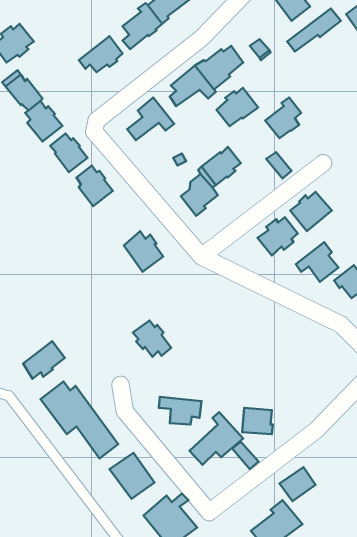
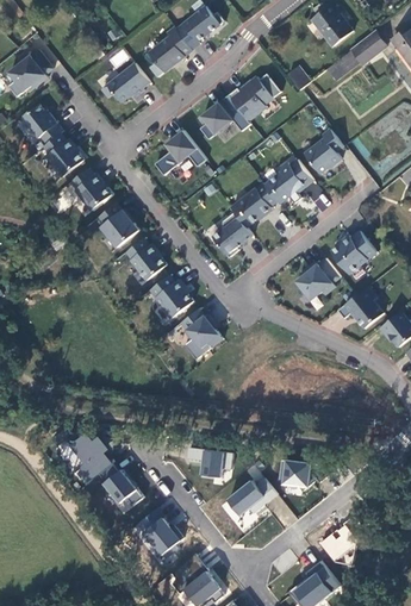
building: [216,88,258,126] -> [268,157,313,199]
building: none -> [125,237,166,279]
building: [133,321,171,357] -> [180,307,222,346]
building: [23,341,65,379] -> none

